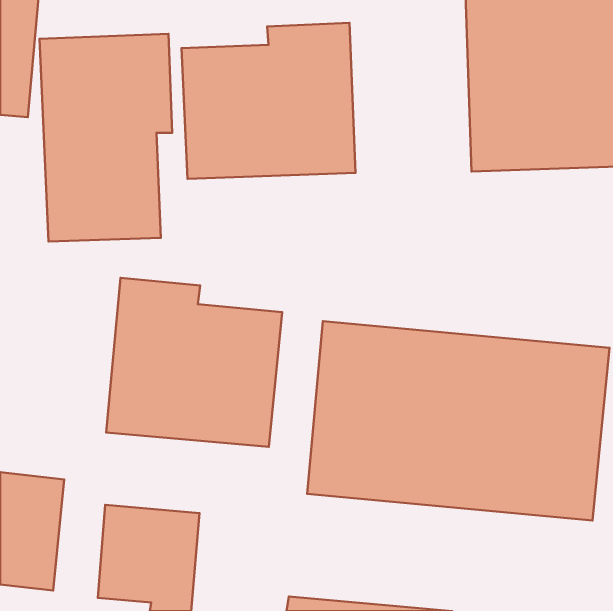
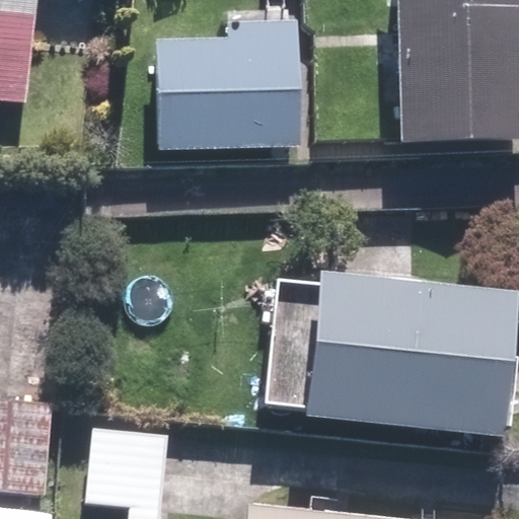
building: [40,34,172,241] -> none
building: [106,278,282,447] -> none

